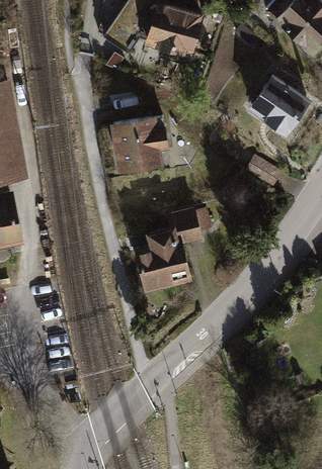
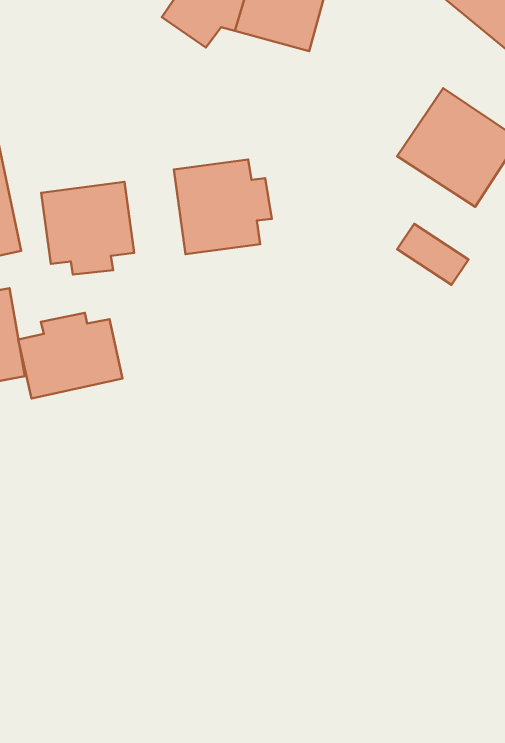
building: none -> [41,182,134,274]
building: [133,206,210,294] -> none
building: none -> [18,313,123,399]

